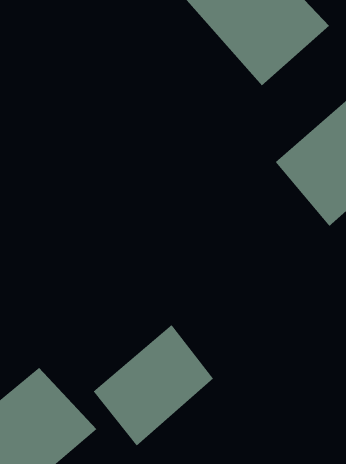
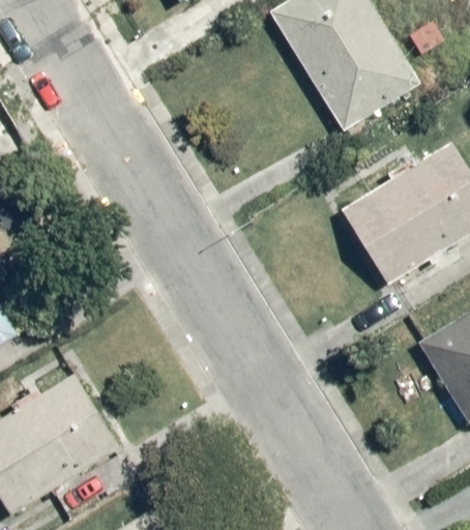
building: [93,324,214,446] -> none

